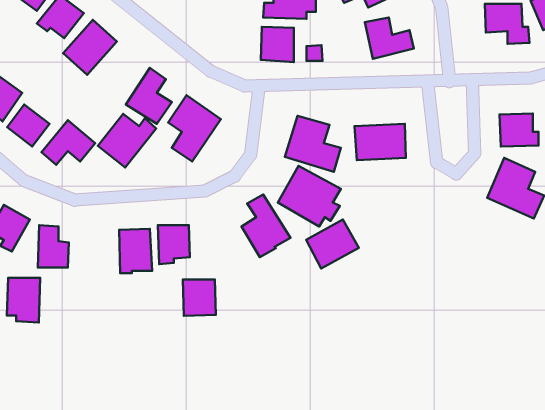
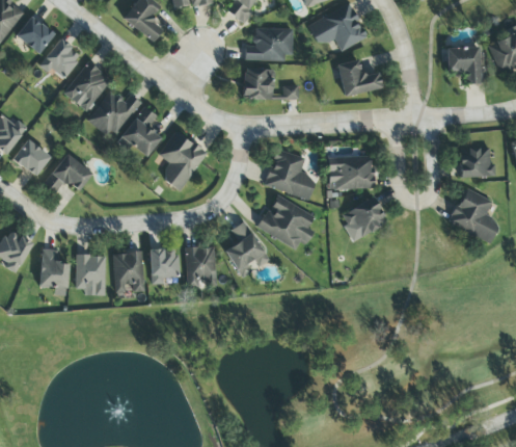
building: [98,114,156,167] -> [88,89,141,138]
building: [306,219,359,268] -> [341,196,388,241]
building: [7,278,40,322] -> [76,255,106,295]
building: [183,279,216,316] -> [186,246,216,280]

